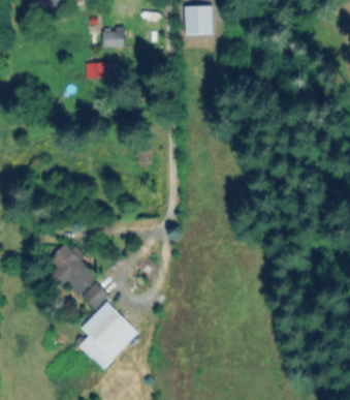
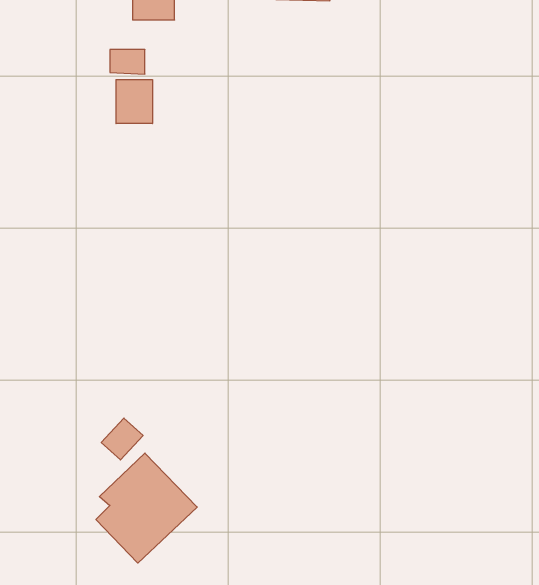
building: none -> [116,80,152,124]
building: [46,246,95,294] -> none

